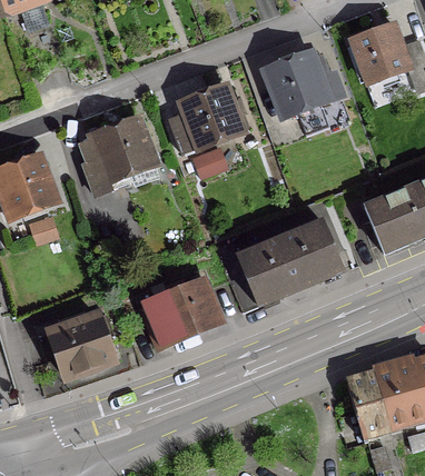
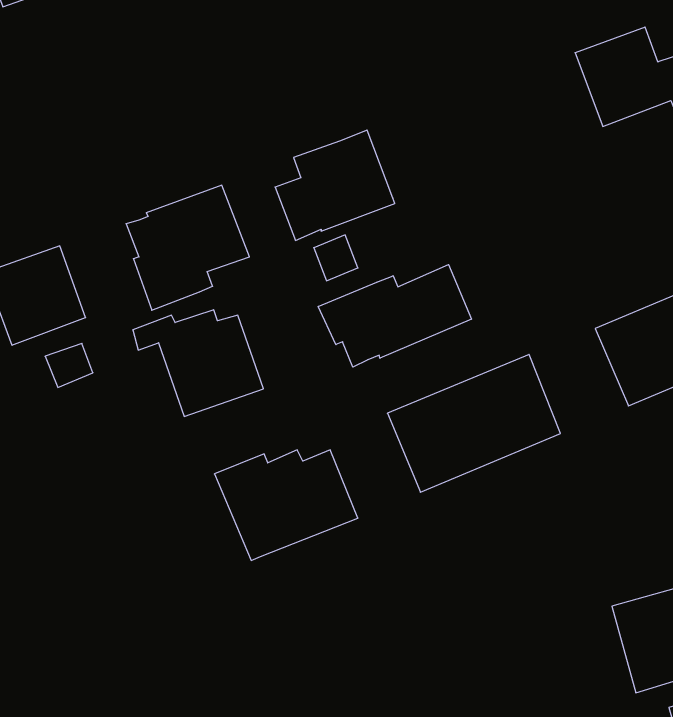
building: [265,53,339,116] -> none
building: none -> [318,265,471,367]
building: [33,311,112,376] -> [133,310,263,416]
building: [346,374,387,434] -> none

